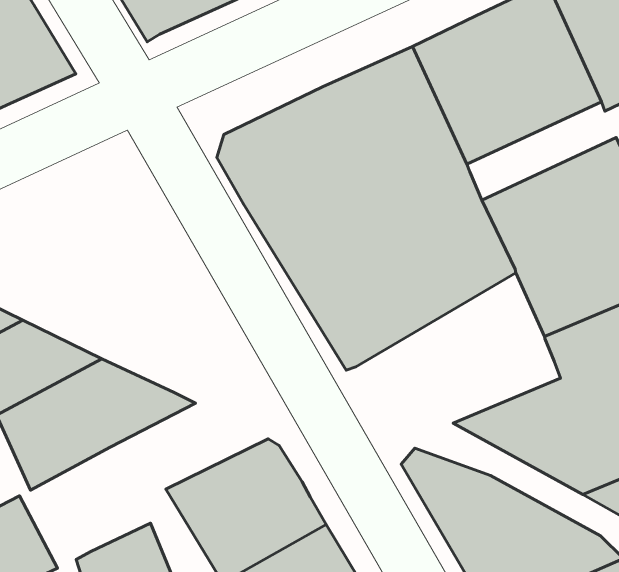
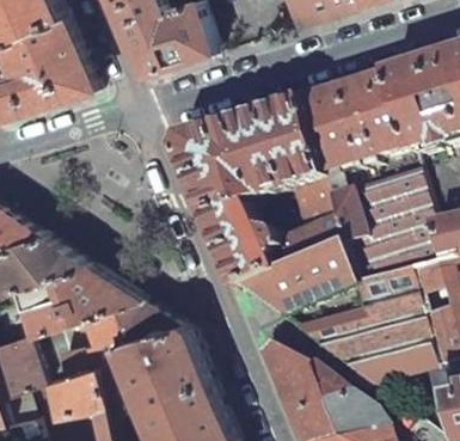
building: none -> [239,244,355,317]
building: none -> [57,295,180,375]

